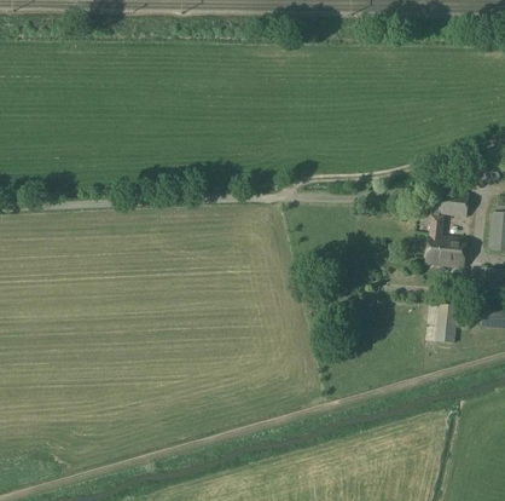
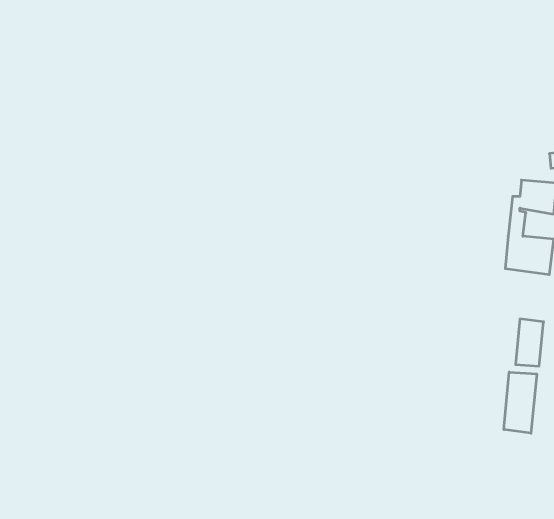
building: none -> [504,372,537,433]

